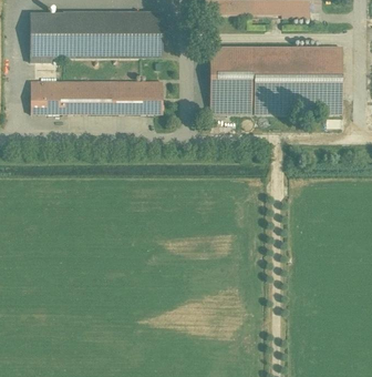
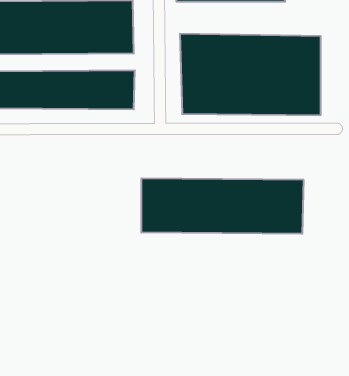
building: none -> [141,178,303,234]

